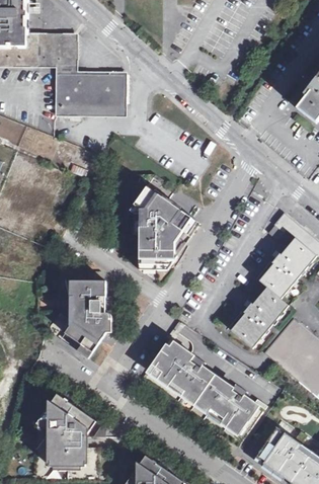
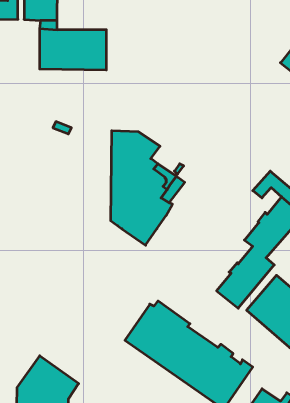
building: [48,270,112,358] -> none

